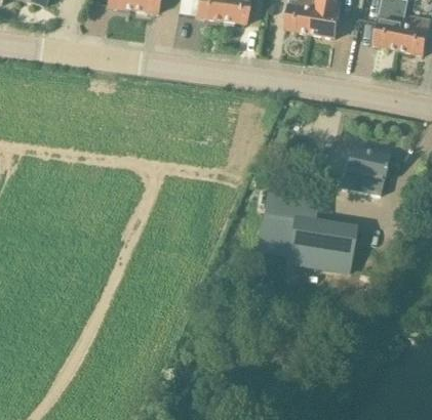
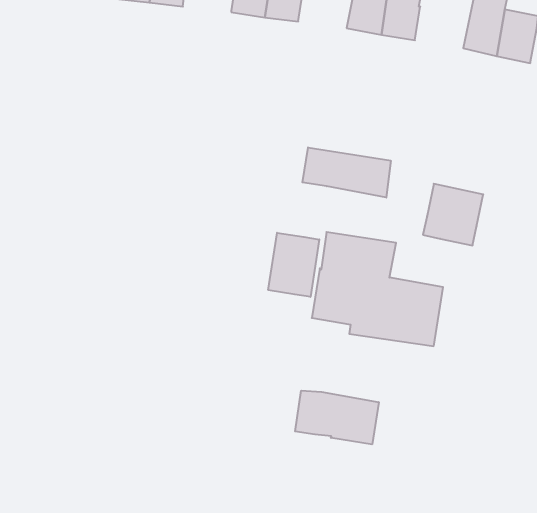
building: none -> [302,147,391,198]
building: none -> [268,233,319,297]
building: none -> [295,391,379,444]

